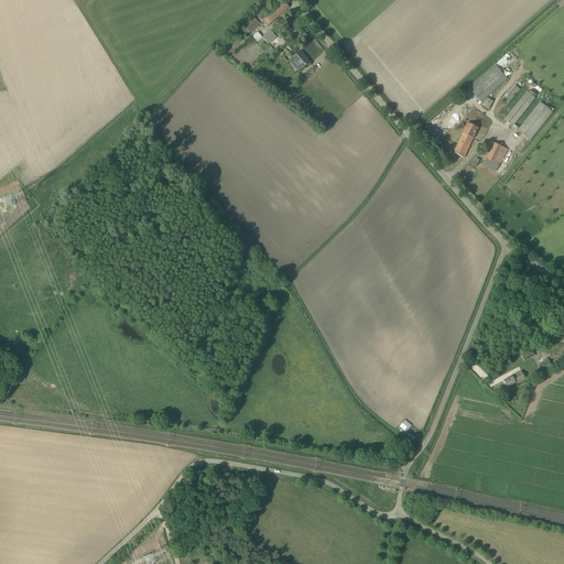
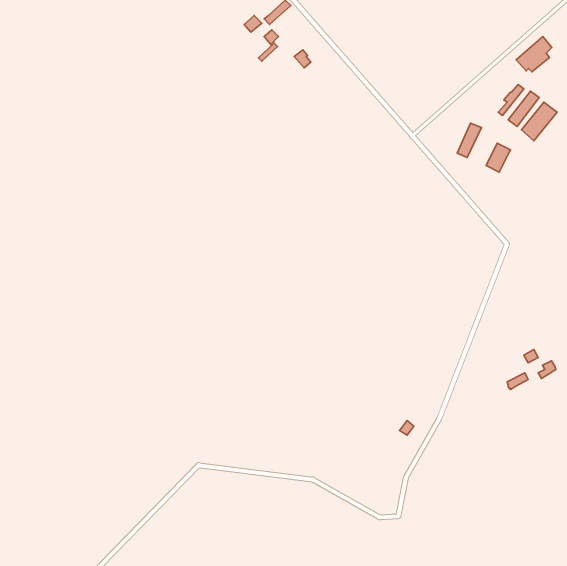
building: [468,63,503,98] -> [516,36,552,72]

